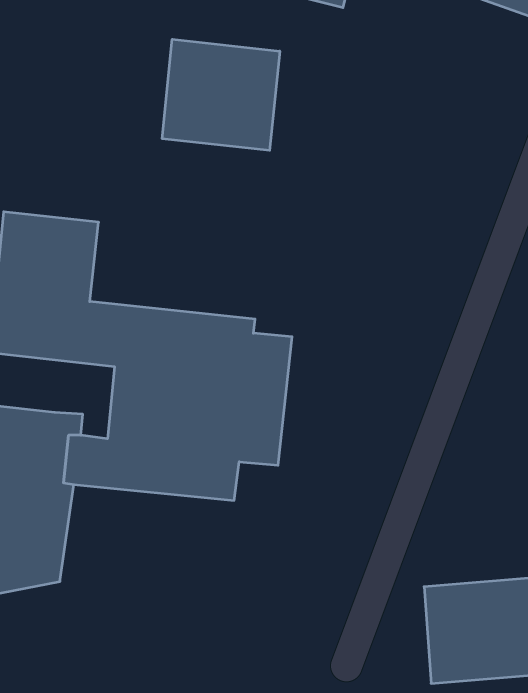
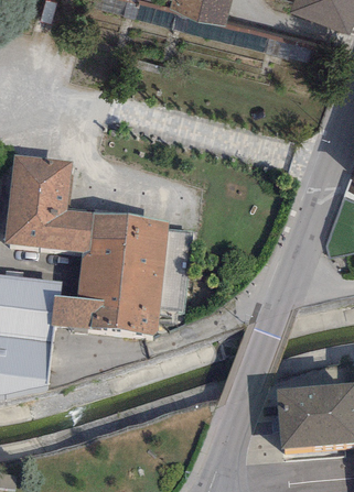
building: [162,39,280,150] -> none

